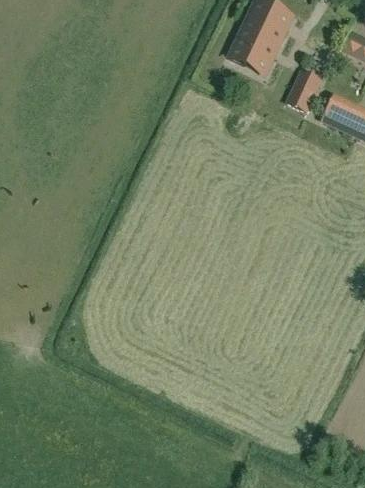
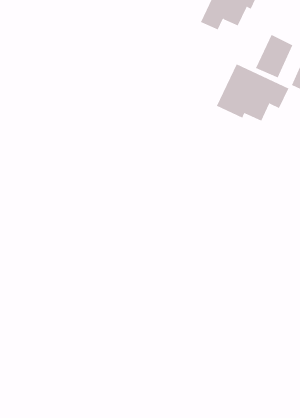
building: none -> [216,63,289,122]

